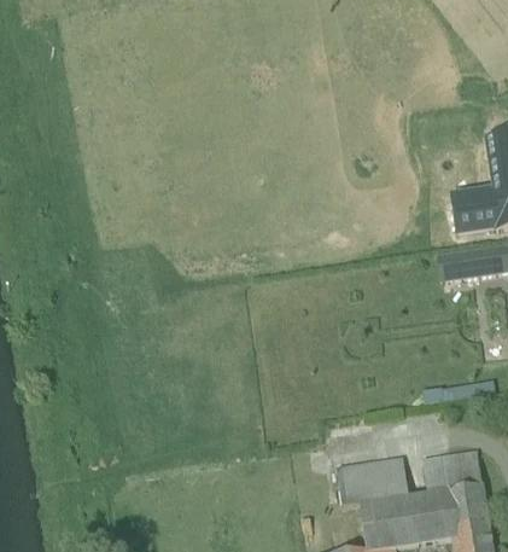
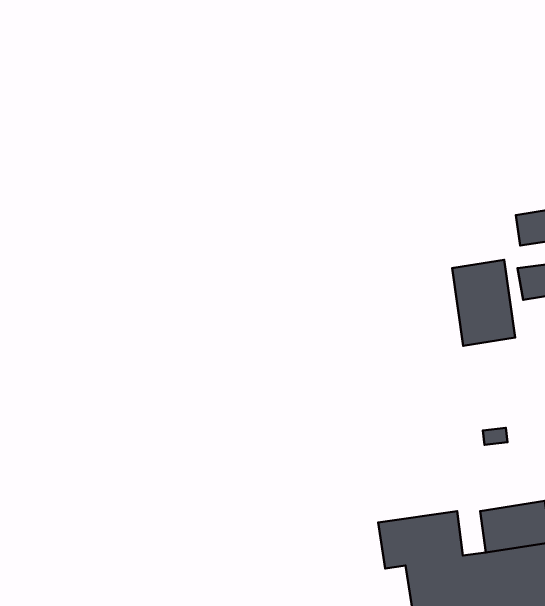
building: none -> [452,260,515,346]

